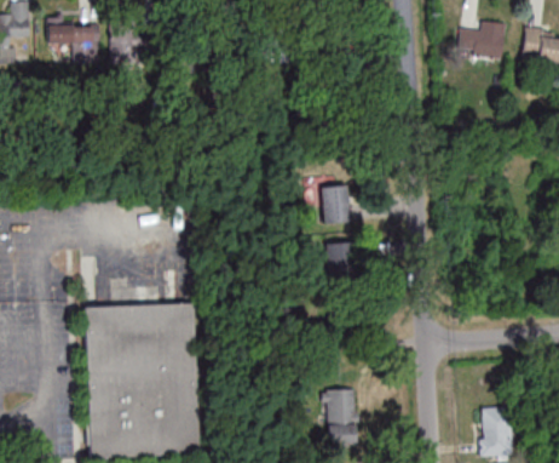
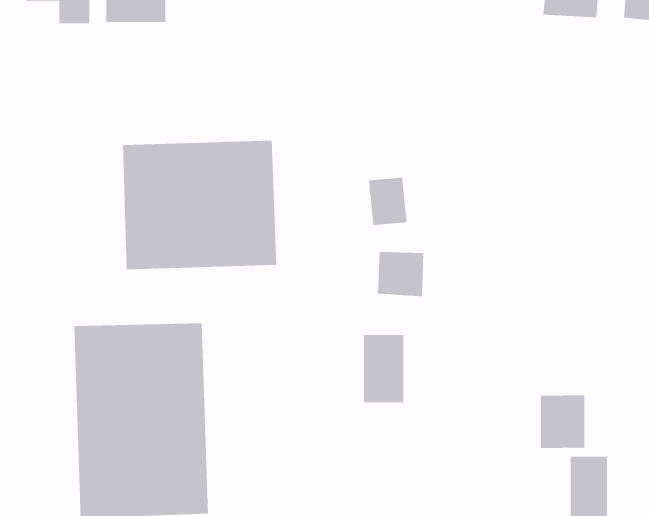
building: none -> [122,140,277,270]
building: none -> [541,395,585,449]
building: [325,389,358,444] -> [363,334,404,403]

